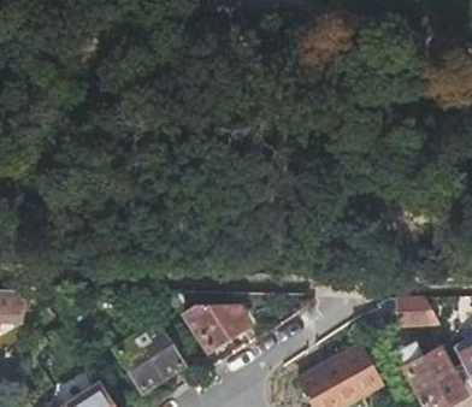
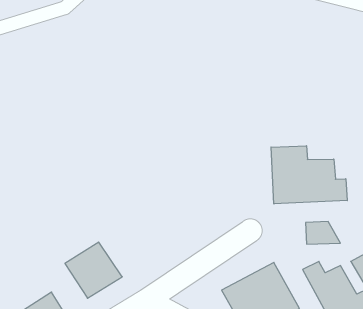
building: none -> [271,146,347,204]
building: [182,303,244,347] -> none

